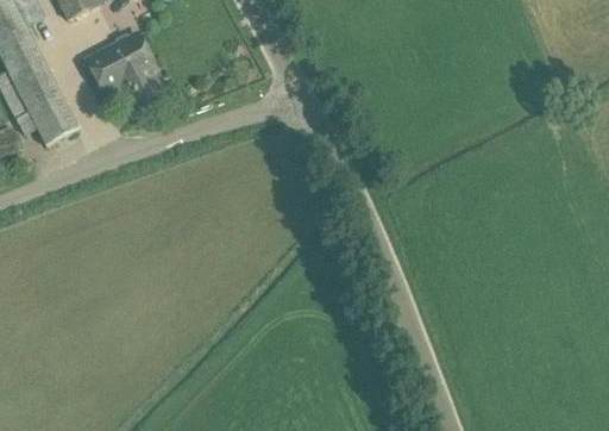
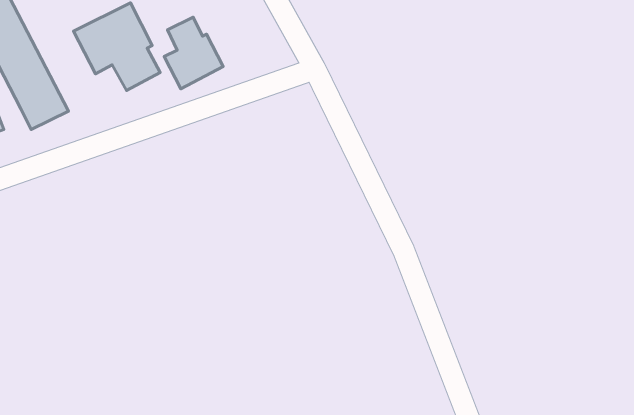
building: none -> [164,17,223,89]

